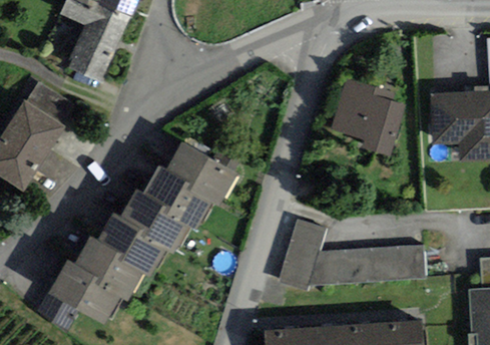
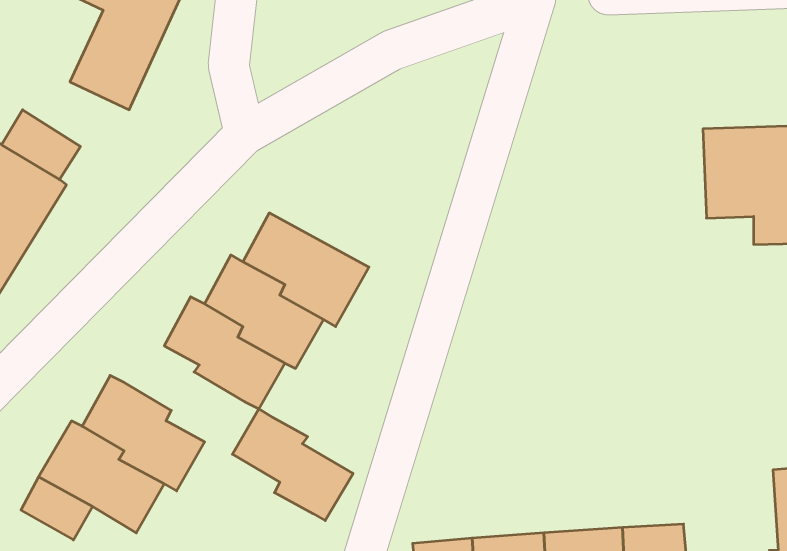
building: [330,78,407,156] -> none
building: [97,213,166,277] -> [232,409,353,521]
building: [279,217,426,290] -> none

